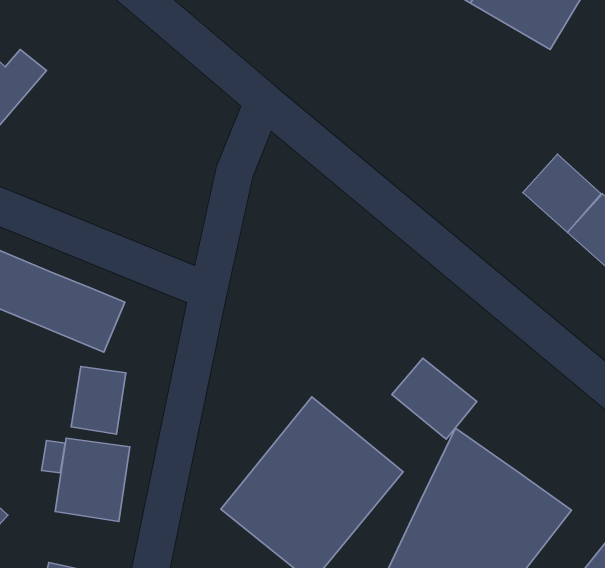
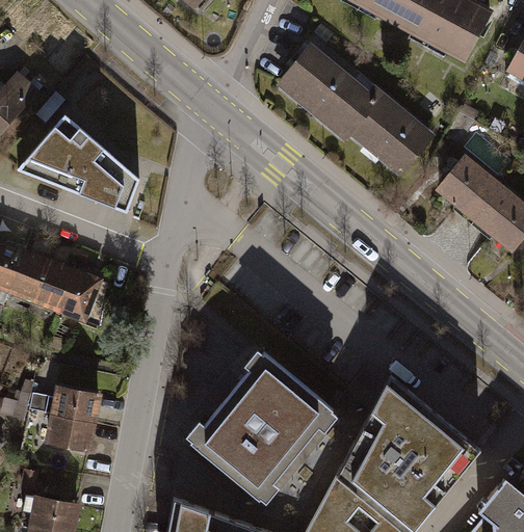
building: none -> [274,46,436,182]
building: none -> [15,111,146,221]
building: [392,358,477,439] -> none
building: [71,366,126,434] -> none

